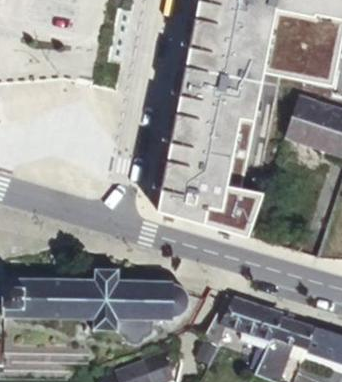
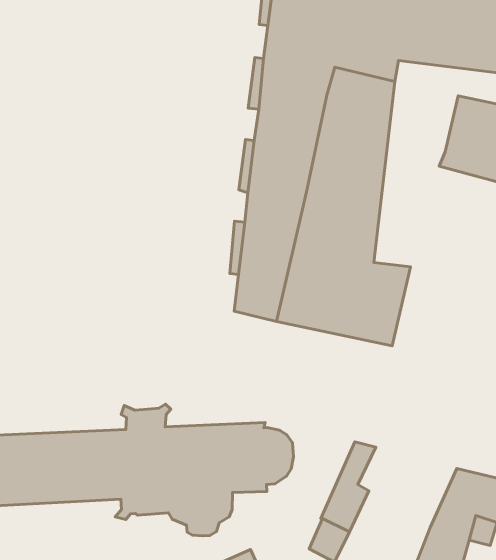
building: [225,299,283,348] -> none

